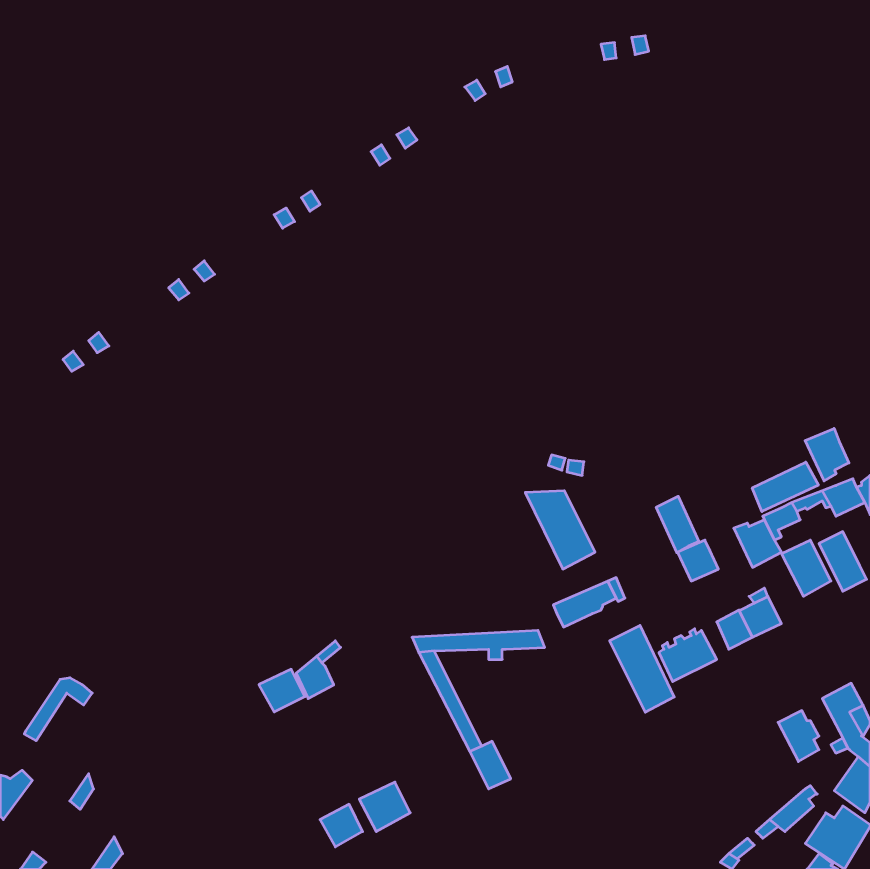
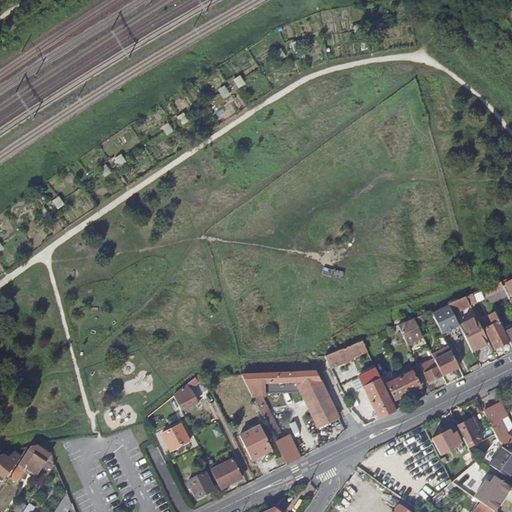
building: [805,428,849,481] -> none
building: [752,462,818,512] -> none
building: [525,491,595,569] -> [297,380,338,426]
building: [656,496,699,553] -> none
building: [259,669,305,712] -> [162,424,189,449]
building: [24,678,92,741] -> [9,445,49,482]
building: none -> [242,428,272,458]
building: none -> [432,429,463,454]

